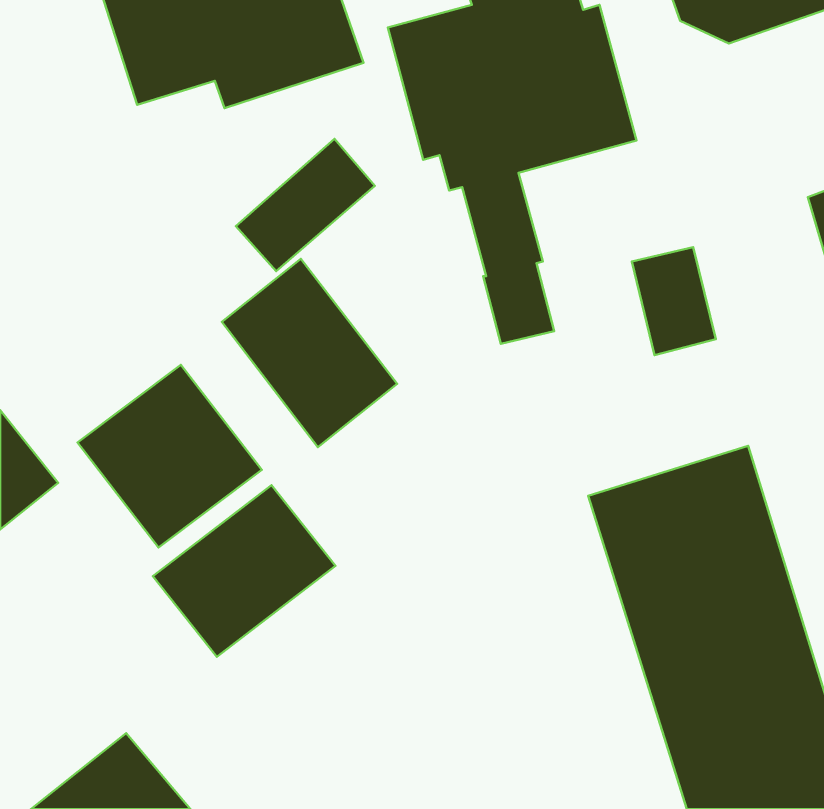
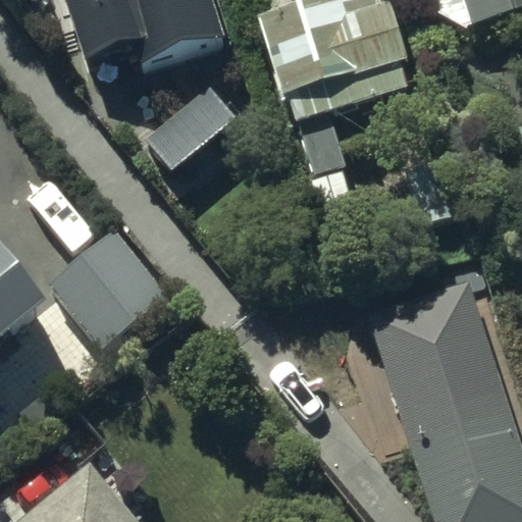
building: [222,259,397,447] -> none
building: [153,485,336,657] -> none

